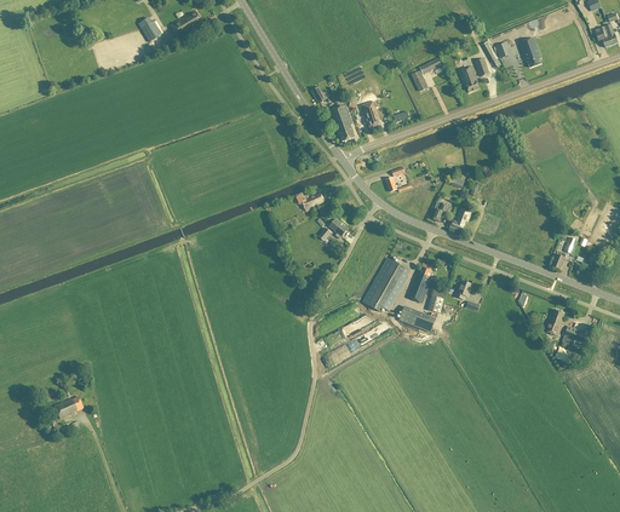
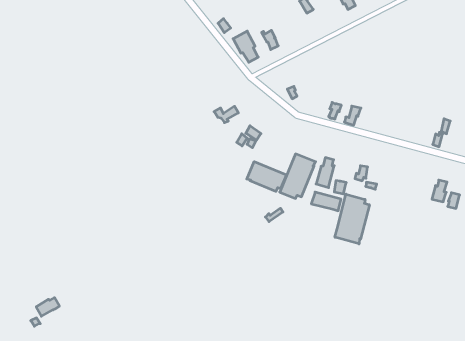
building: none -> [247,162,286,191]
building: none -> [335,194,369,244]

